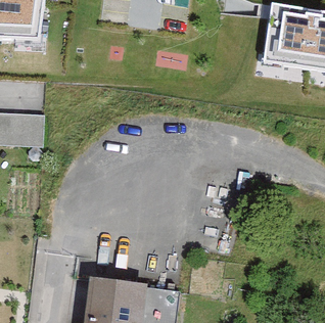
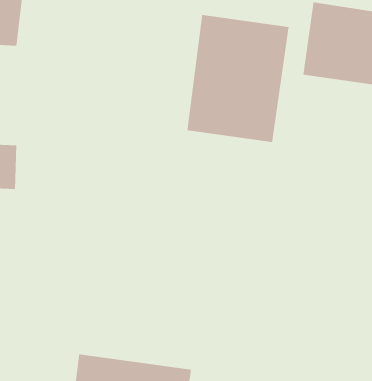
building: none -> [187,14,289,143]

